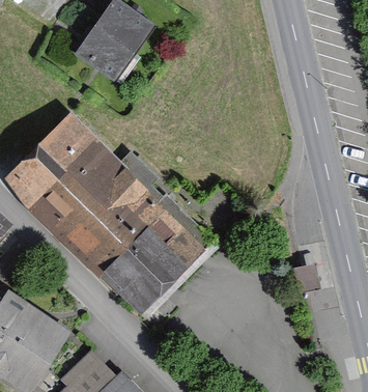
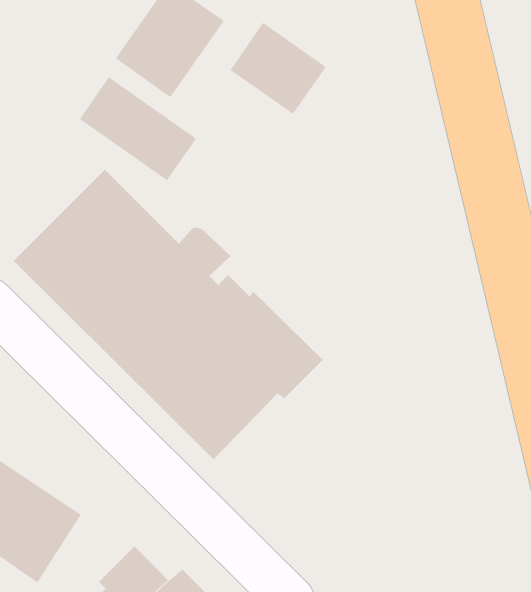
building: none -> [229,22,327,115]
building: none -> [79,76,197,181]

